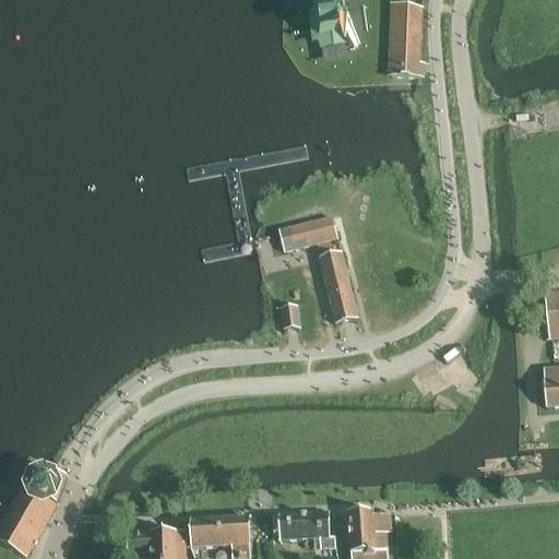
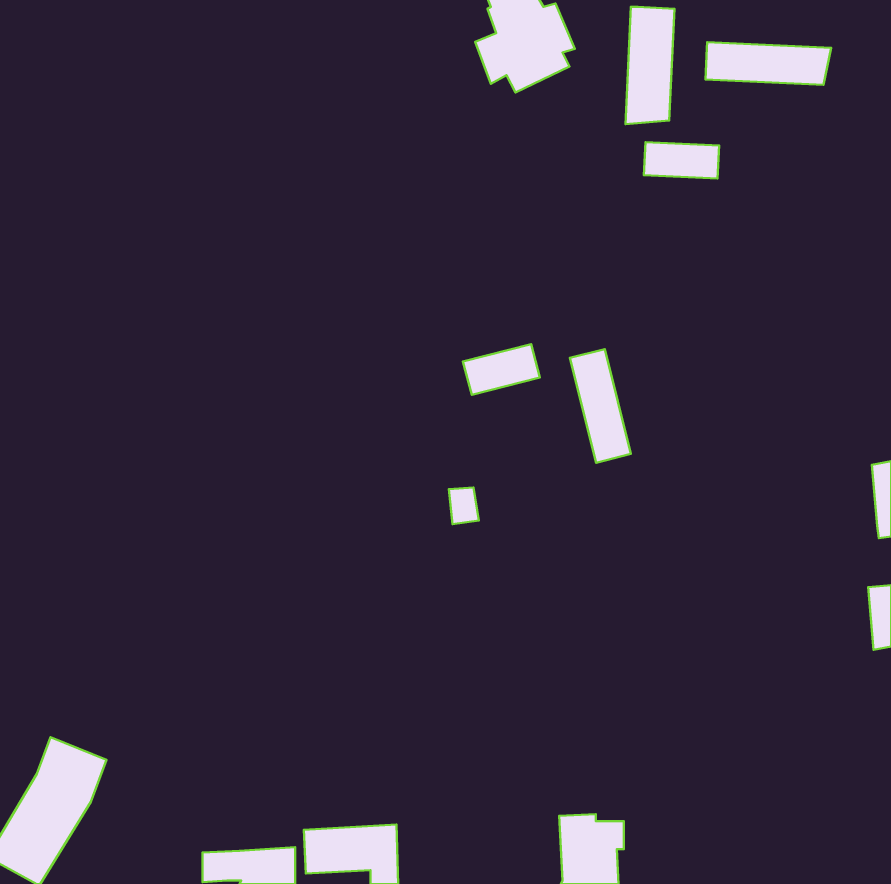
building: none -> [705,42,831,85]
building: none -> [644,142,719,179]
building: [319,250,357,321] -> [570,349,631,463]
building: [278,512,335,547] -> none

